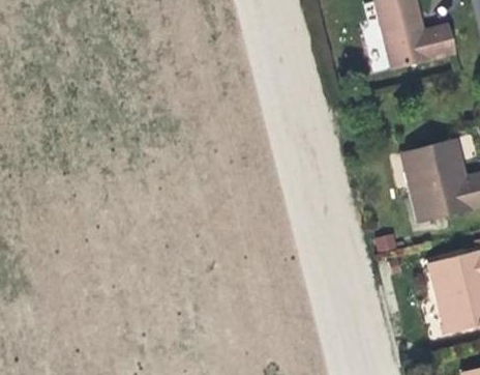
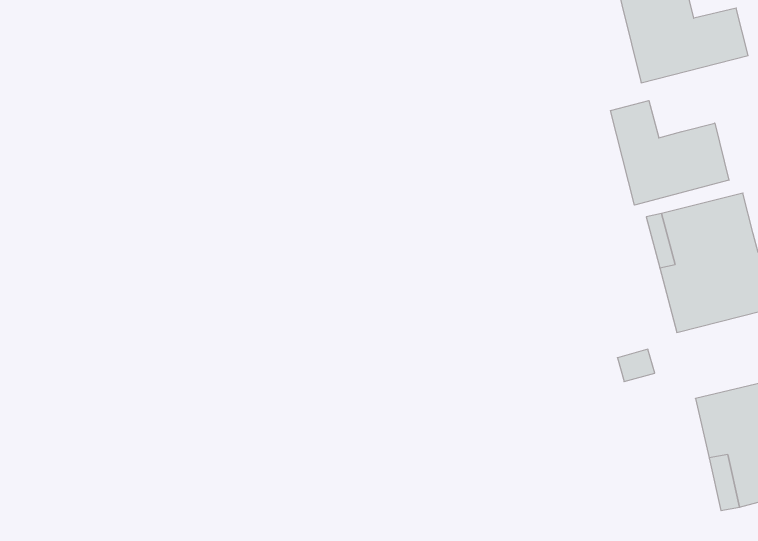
building: none -> [611,101,729,205]

